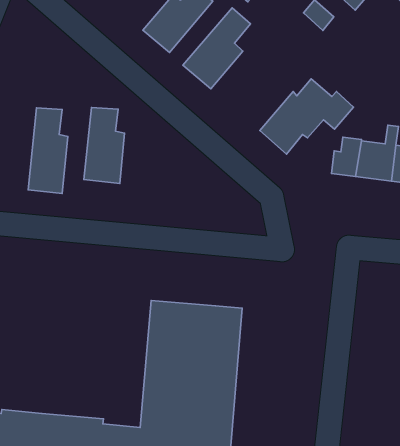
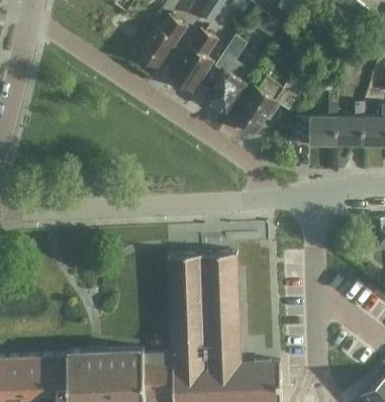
building: none -> [205,35,246,114]
building: [84,107,125,183] -> none
building: [28,108,68,193] -> none

